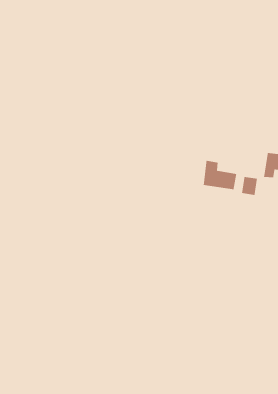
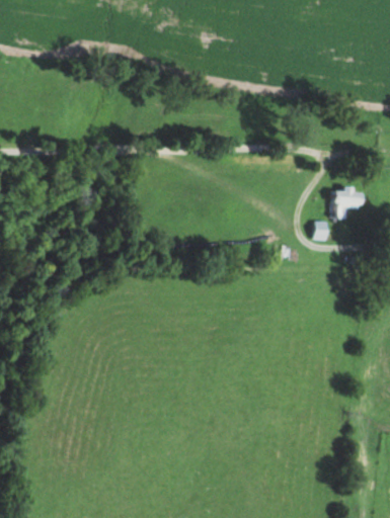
building: [203,160,237,190] -> none

